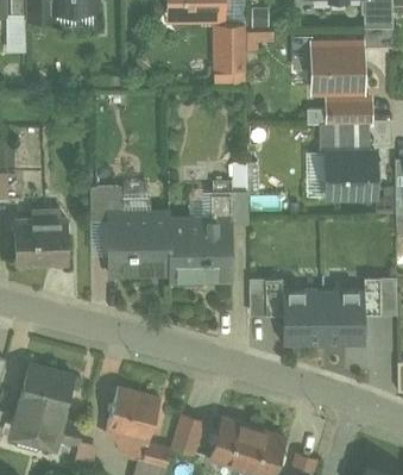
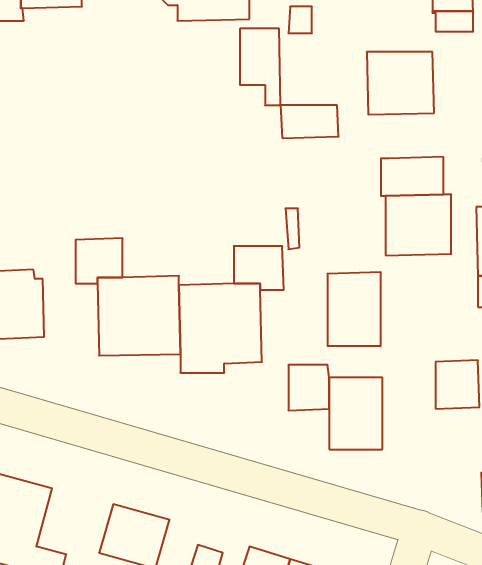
building: [327,100,371,125] -> [281,105,339,138]
building: [323,290,364,346] -> [327,272,381,346]

